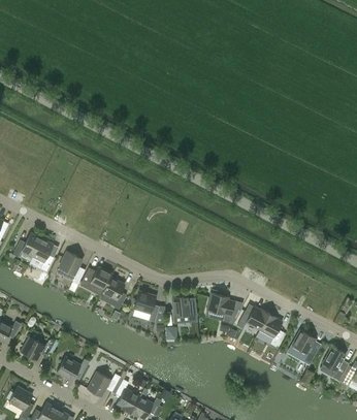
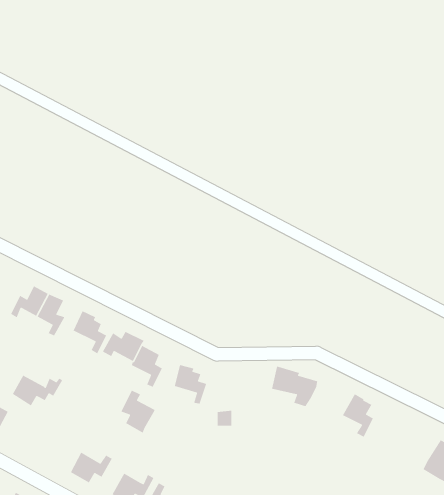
building: [172,296,197,322] -> none
building: [236,308,268,330] -> none
building: none -> [120,389,156,434]
building: [292,330,320,364] -> none
building: [21,337,59,361] -> [12,375,63,407]

